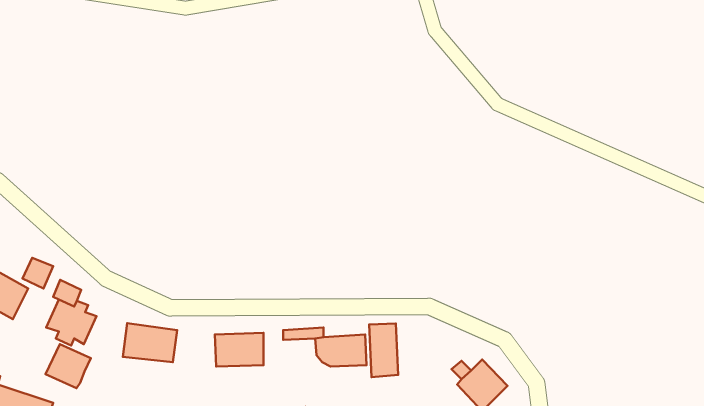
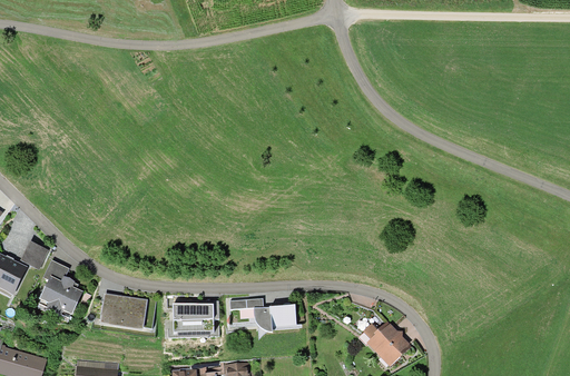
building: [369,324,398,377] -> none
building: [46,344,91,388] -> none

